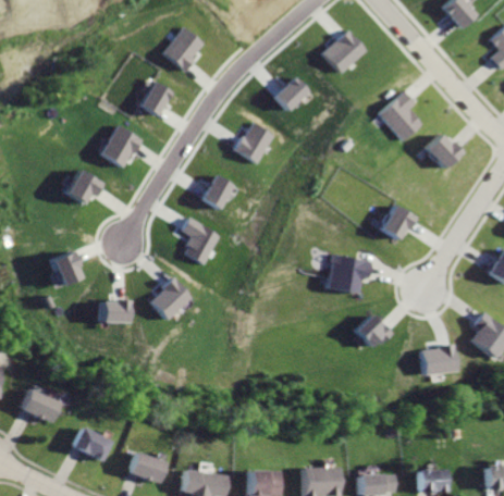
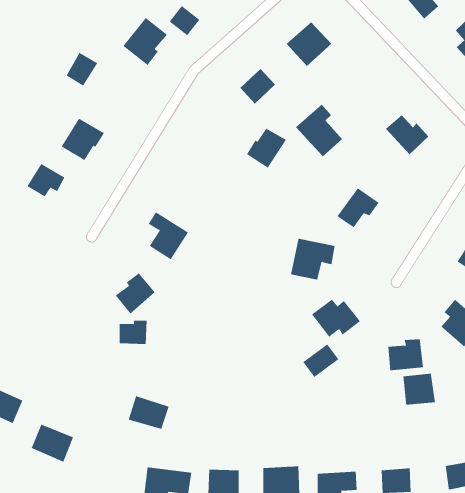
building: none -> [169,5,200,36]
building: [140,82,172,115] -> [66,52,98,87]
building: [376,91,422,144] -> [295,104,343,157]
building: [237,124,278,164] -> [246,128,287,169]
building: [205,176,237,211] -> none
building: [50,251,81,287] -> none
building: [101,299,130,323] -> [119,320,148,344]
building: none -> [303,343,339,378]
building: none -> [403,373,435,406]
building: [125,451,167,485] -> [128,395,170,430]

